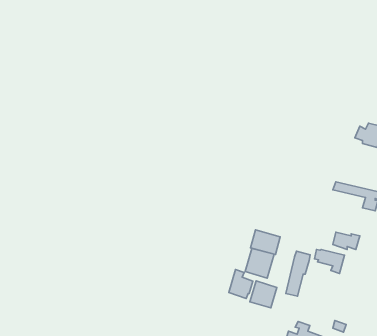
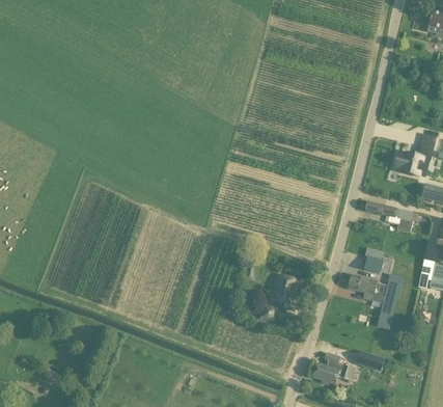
building: [250,230,280,255] -> none
building: [286,251,310,296] -> [378,273,404,322]
building: [250,281,277,308] -> none

